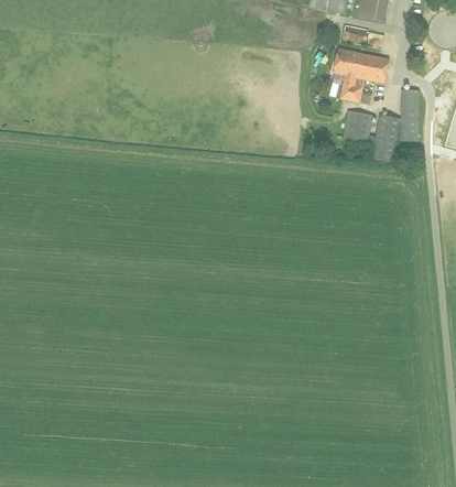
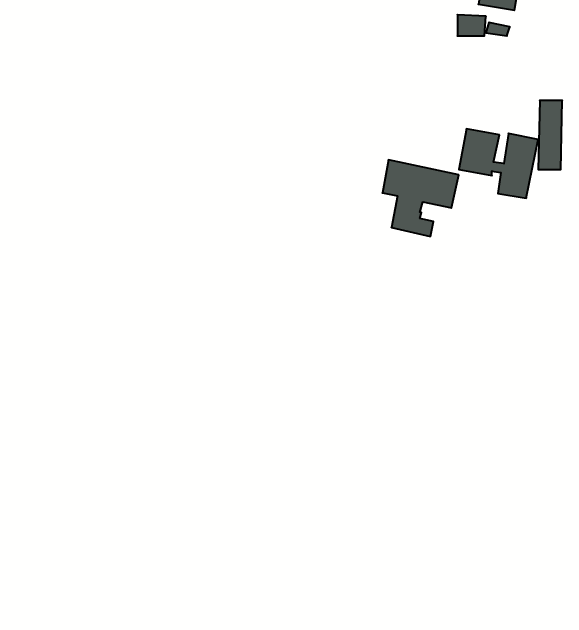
building: [334,46,390,102] -> [382,160,459,236]

